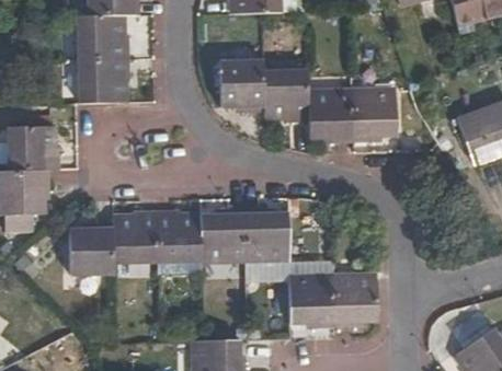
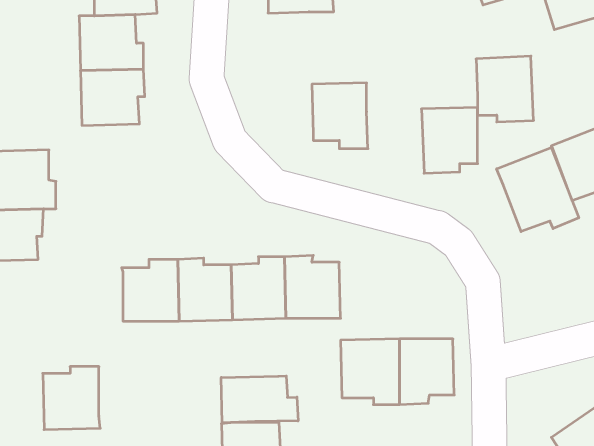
building: [219,61,265,113] -> none
building: [308,91,354,143] -> [476,56,534,122]
building: none -> [497,147,579,232]
building: [68,221,114,271] -> [43,367,100,430]
building: none -> [221,376,298,423]

